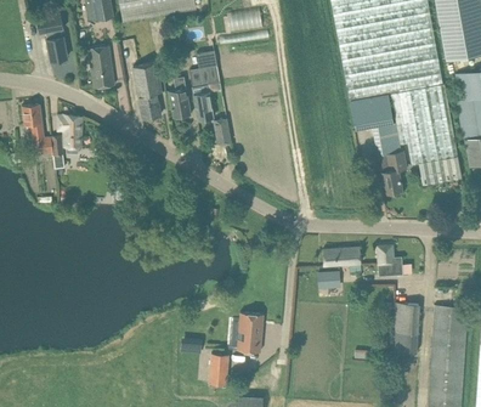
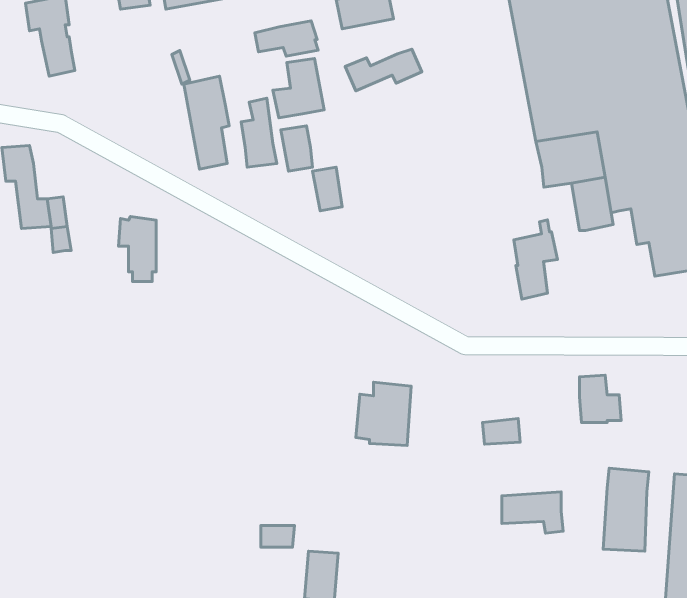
building: none -> [255,21,318,56]
building: none -> [345,49,422,91]
building: [89,47,114,89] -> none
building: [57,114,80,154] -> [119,216,156,282]
building: [380,145,407,193] -> [514,220,557,299]
building: [323,247,361,272] -> [502,492,563,533]
building: [228,313,262,352] -> [356,382,411,445]

